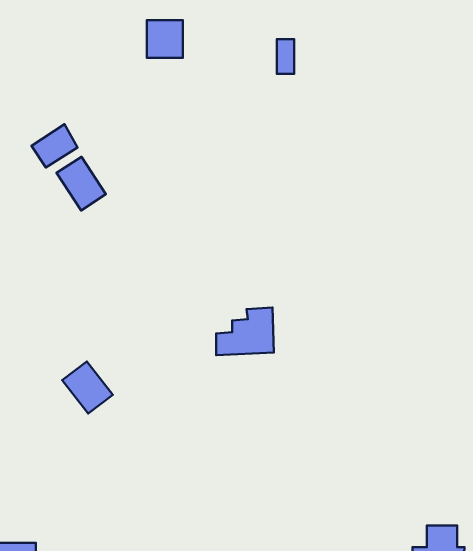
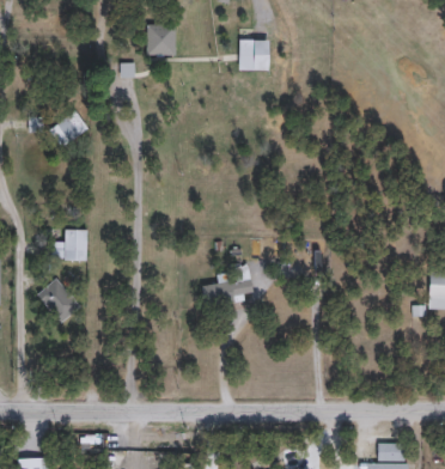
building: [57,157,106,210] -> none
building: none -> [63,230,87,260]
building: [62,362,113,414] -> [38,279,80,322]

